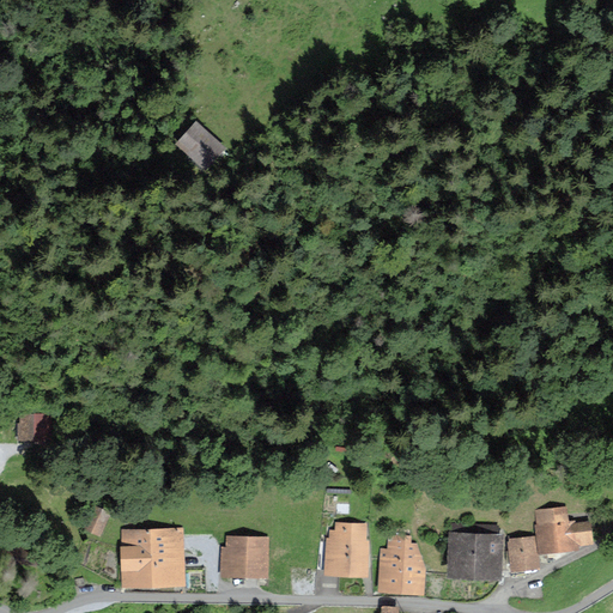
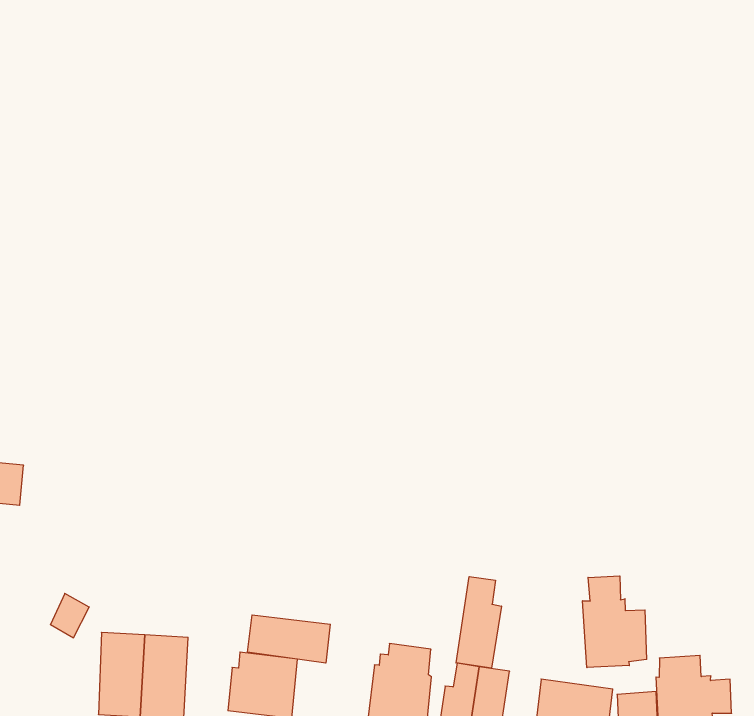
building: [176,117,227,169] -> none
building: none -> [583,576,647,668]
building: none -> [456,577,501,668]
building: none -> [248,615,330,663]

